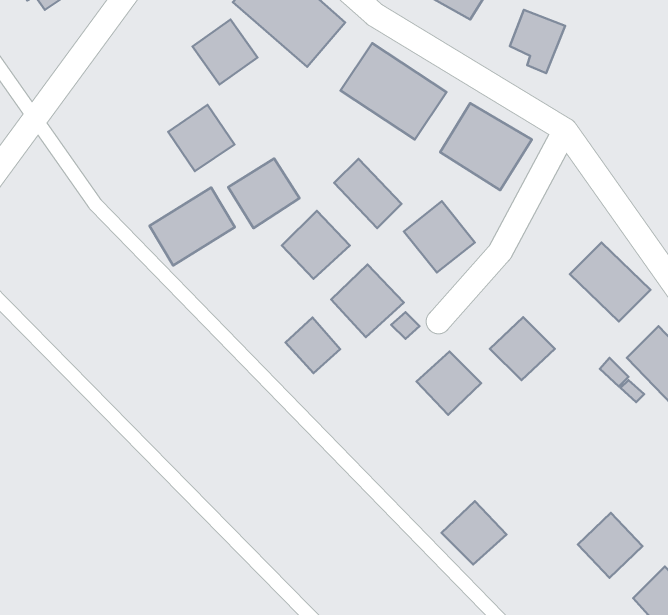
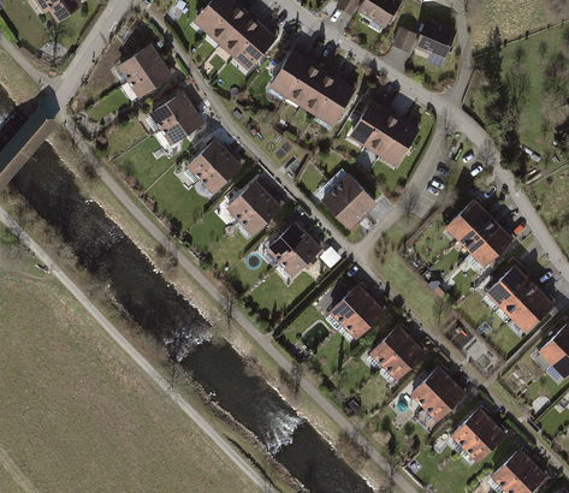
building: [193,20,257,84] -> [115,51,165,100]
building: [334,159,402,228] -> none
building: [149,187,235,266] -> none
building: [490,317,555,380] -> [374,326,423,374]
building: [286,318,340,373] -> none
building: [442,501,506,564] -> [417,368,467,416]

